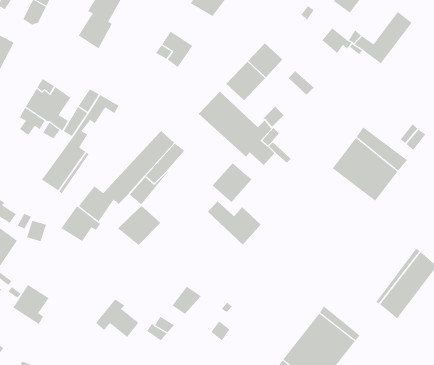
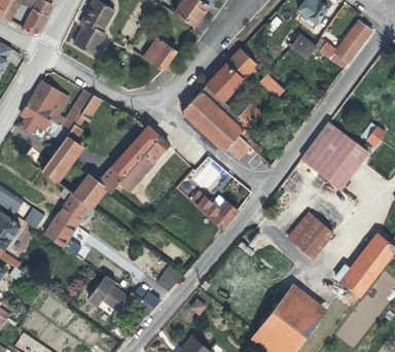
building: [117,205,161,246] -> none
building: none -> [288,213,333,258]
building: [13,284,50,325] -> [44,214,77,250]

